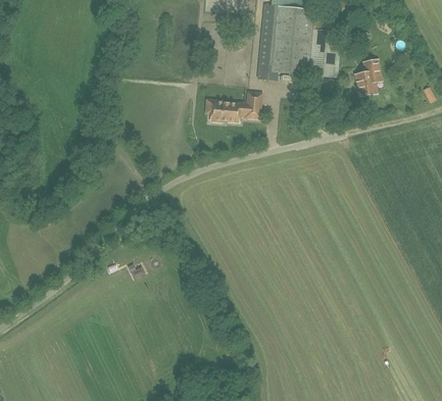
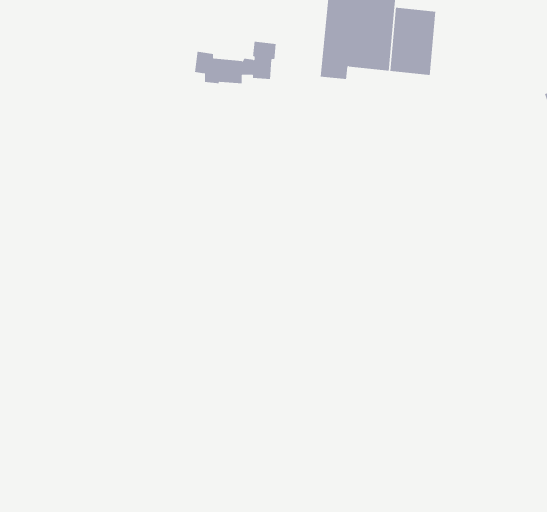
building: [354,59,380,96] -> none
building: [203,90,262,120] -> [194,41,276,84]

